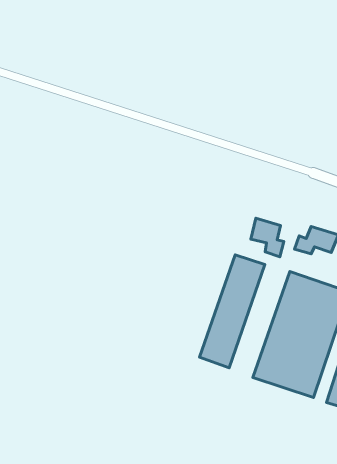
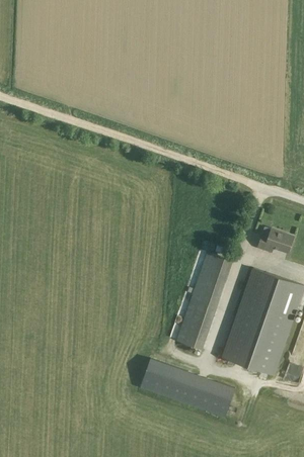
building: [251,218,284,257] -> none
building: none -> [143,360,237,417]

